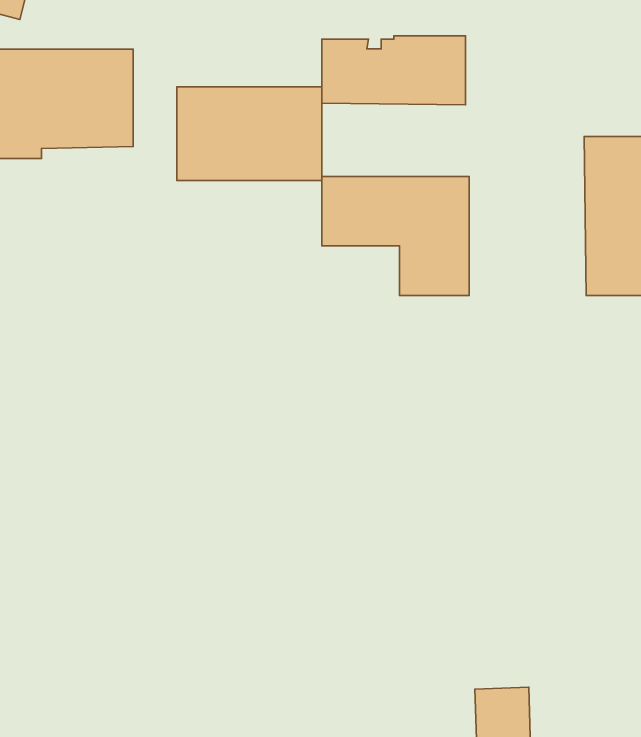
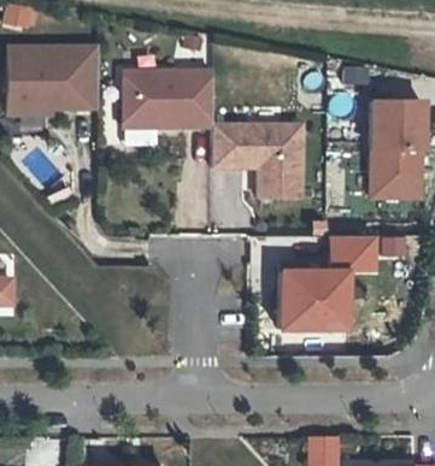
building: [322,36,465,105] -> none
building: none -> [278,238,378,326]

